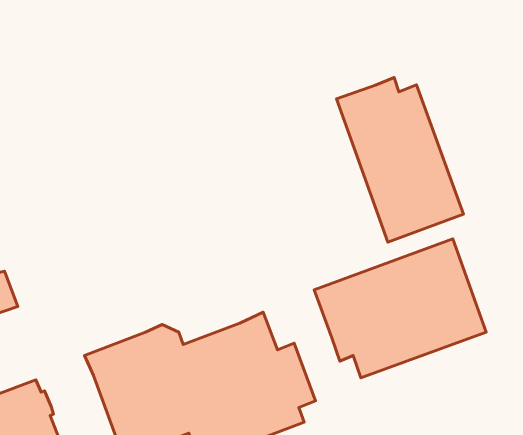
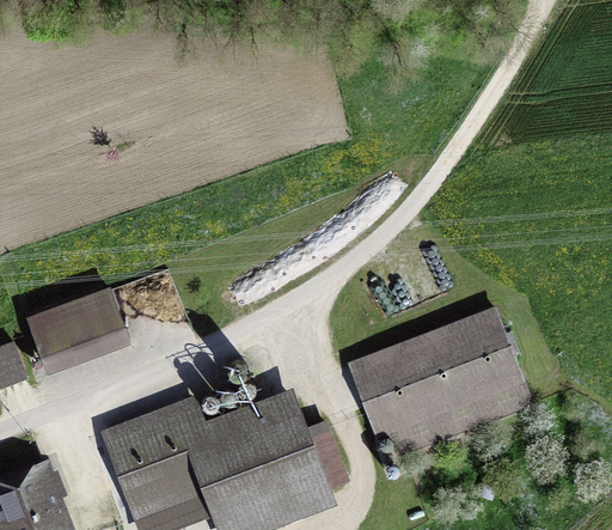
building: [336,78,463,242] -> none
building: none -> [25,287,129,373]

